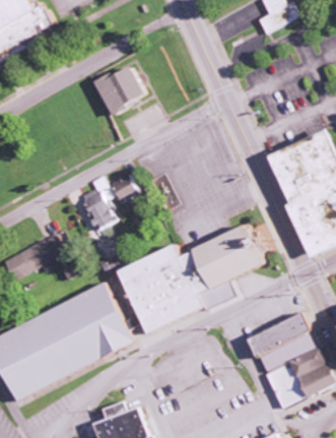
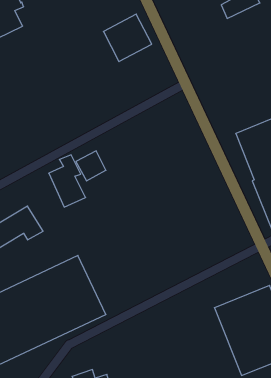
building: [92,65,143,115] -> [103,14,152,62]
building: [117,226,264,333] -> none

